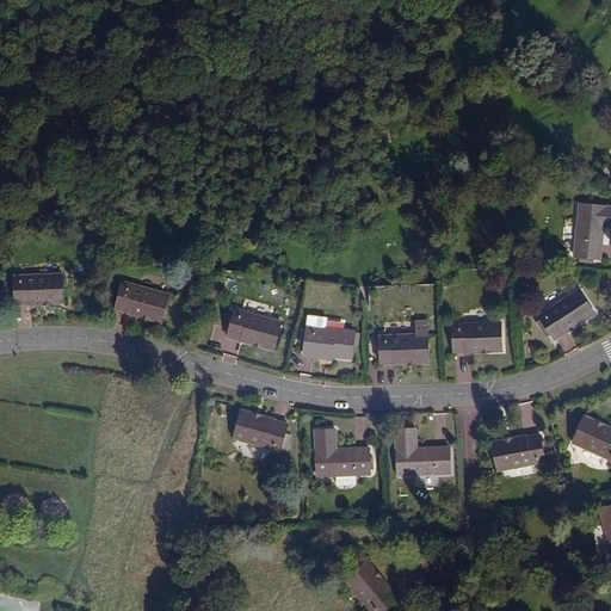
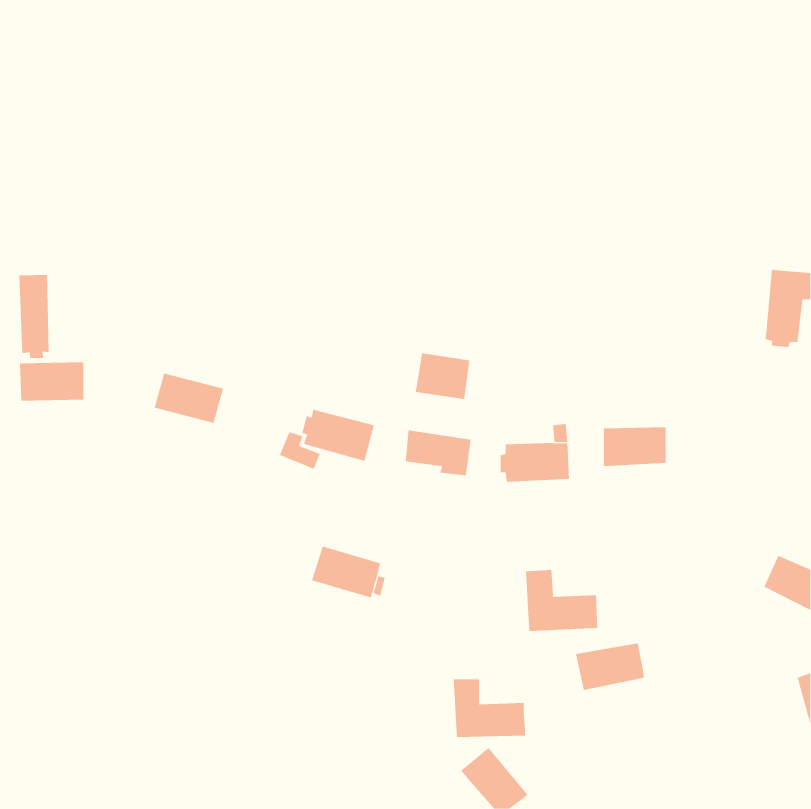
building: none -> [19,274,49,359]
building: none -> [415,353,470,400]
building: [539,289,594,339] -> none
building: [315,431,370,475] -> [453,679,526,737]
building: [492,434,544,470] -> [575,643,645,690]

